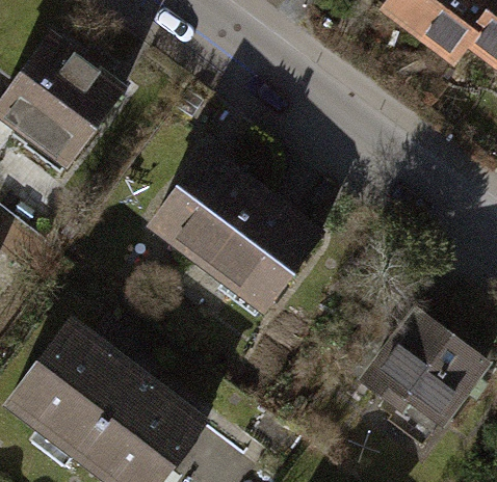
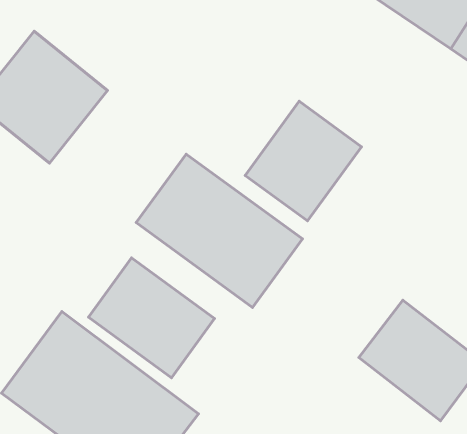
building: none -> [245,101,361,221]
building: none -> [89,258,214,378]

